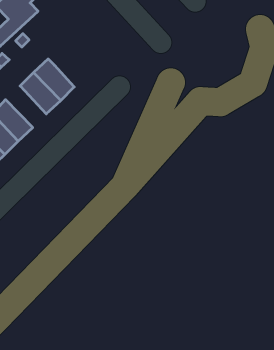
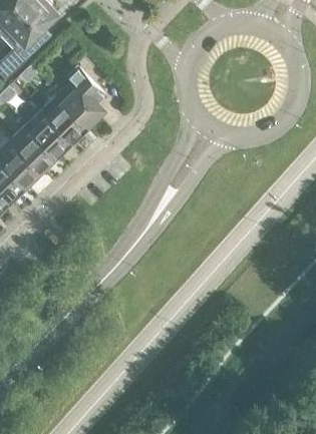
building: none -> [65,73,106,125]
building: none -> [11,124,56,170]

